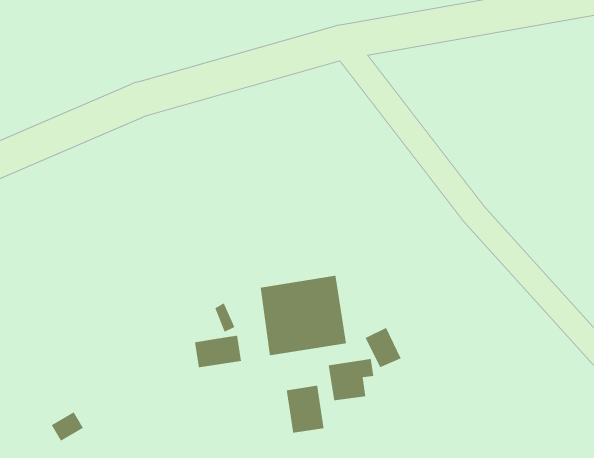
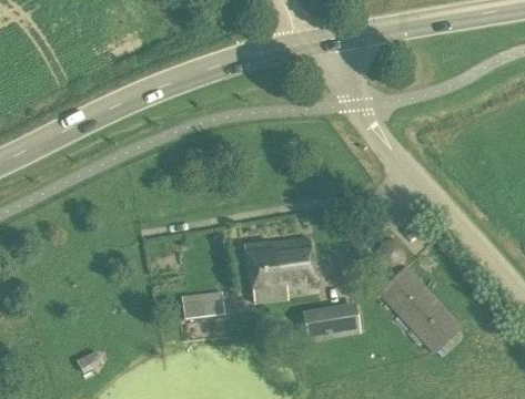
building: none -> [376,265,463,355]
building: [286,385,324,434] -> none

